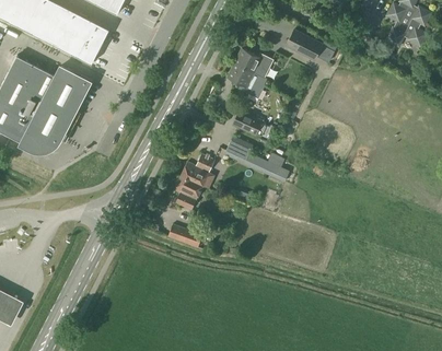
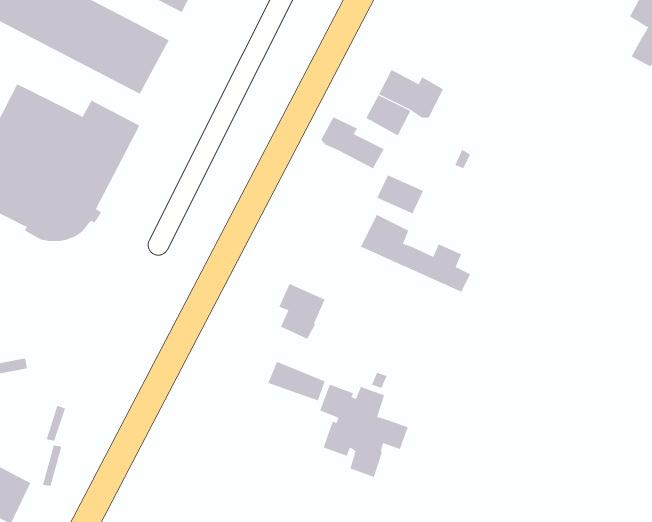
building: [284,30,324,62] -> none
building: none -> [320,116,384,169]
building: [181,154,216,189] -> none
building: none -> [320,384,408,478]

